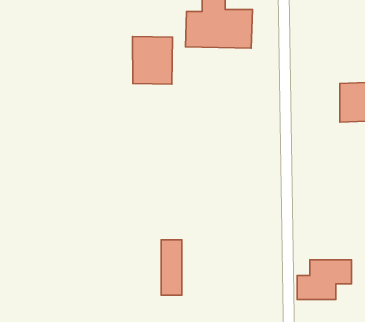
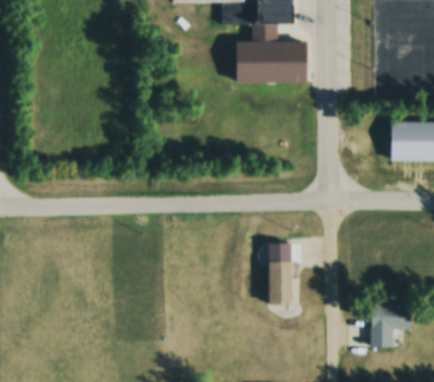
building: [132,37,172,84] -> none
building: [161,240,182,295] -> [273,242,295,300]

